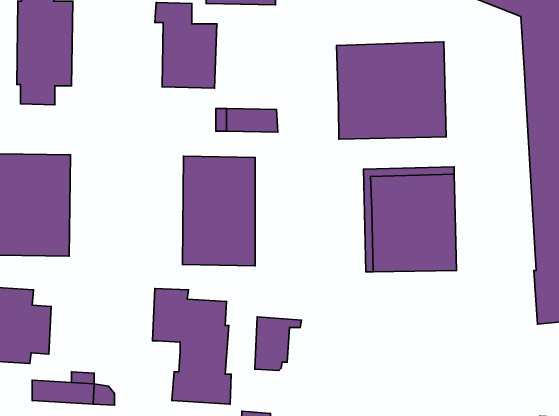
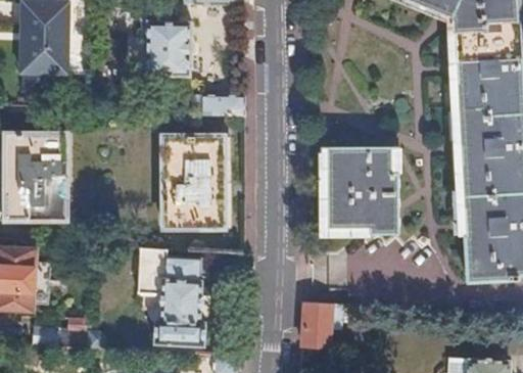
building: [337,42,446,139] -> none
building: [255,317,301,370] -> [301,301,341,347]

